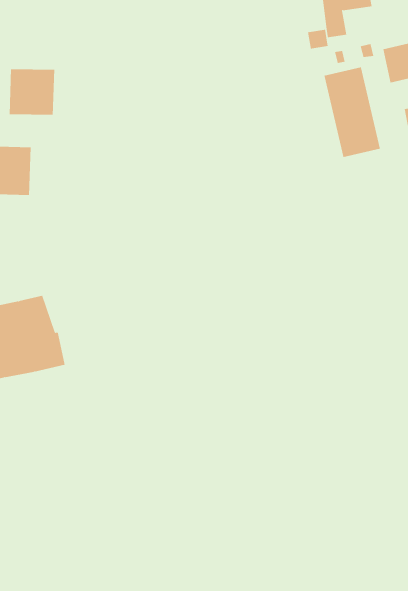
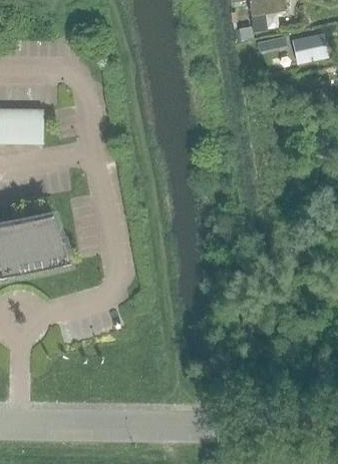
building: [324,67,380,158] -> none
building: [9,69,55,115] -> none

